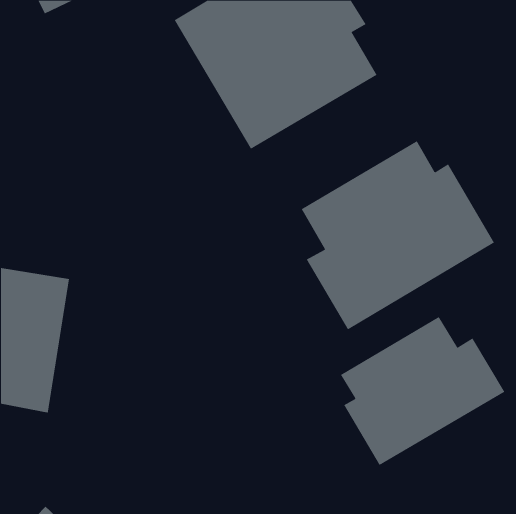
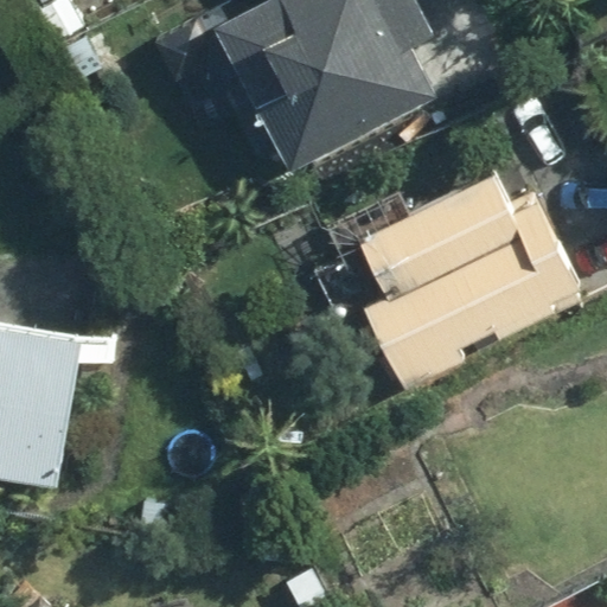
building: [340,316,505,466] -> none

